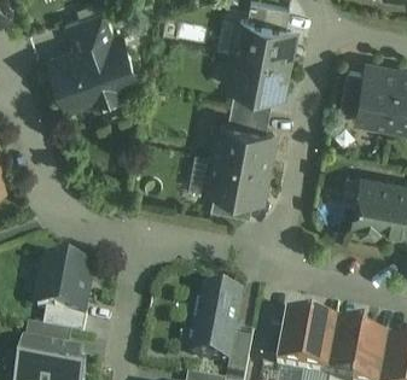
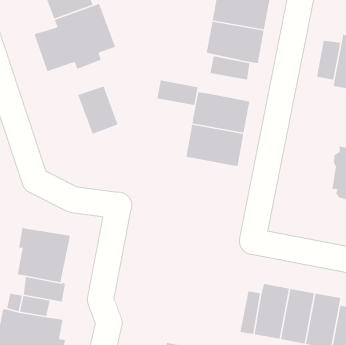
building: [228,103,271,129] -> [157,80,198,106]
building: none -> [77,85,118,135]
building: [211,188,254,215] -> none
building: [192,287,242,362] -> none

